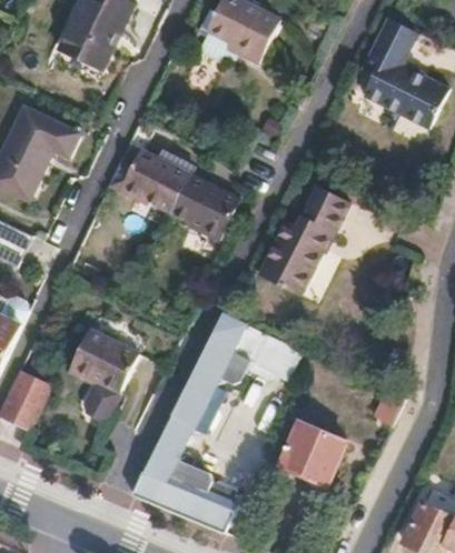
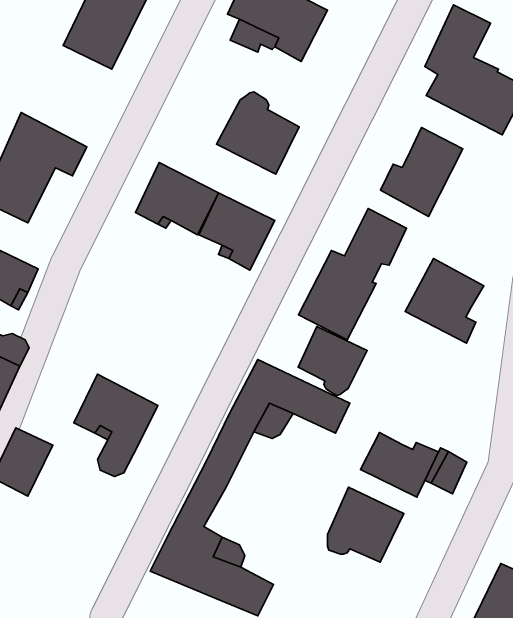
building: none -> [216,92,299,174]
building: none -> [381,128,463,216]
building: none -> [405,258,484,343]
building: none -> [298,327,367,395]
building: none -> [360,433,438,497]

